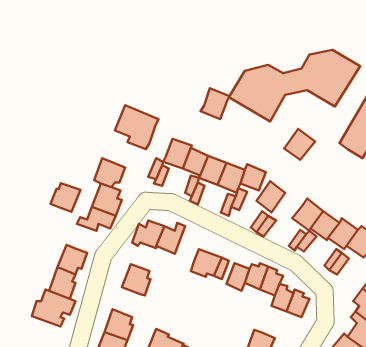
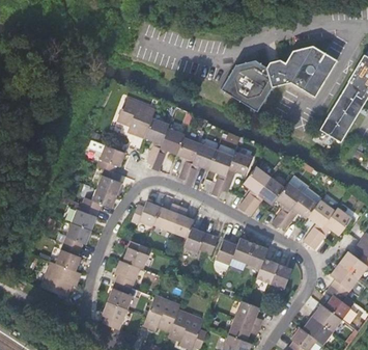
building: [201,88,229,119] -> [144,114,170,142]
building: [284,129,315,160] -> [257,174,285,203]
building: [51,183,81,212] -> [73,203,100,228]
building: none -> [170,205,194,236]
building: none -> [114,259,139,287]

